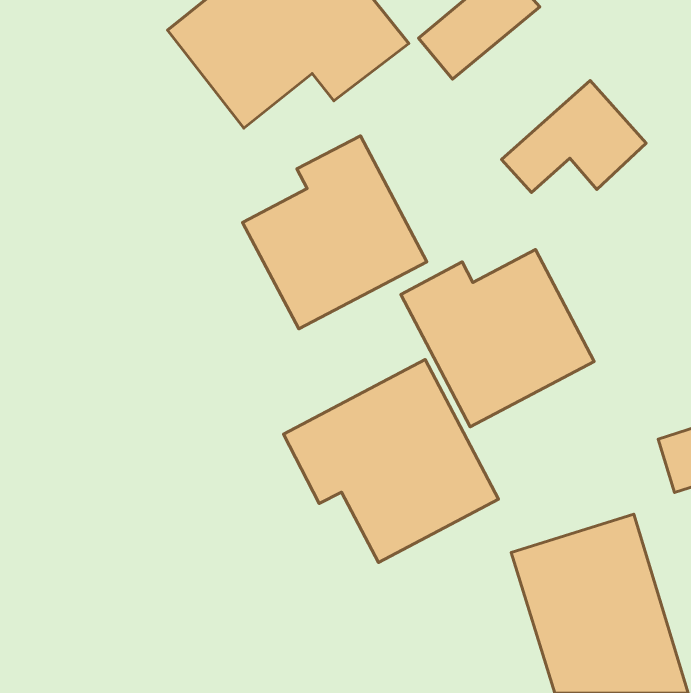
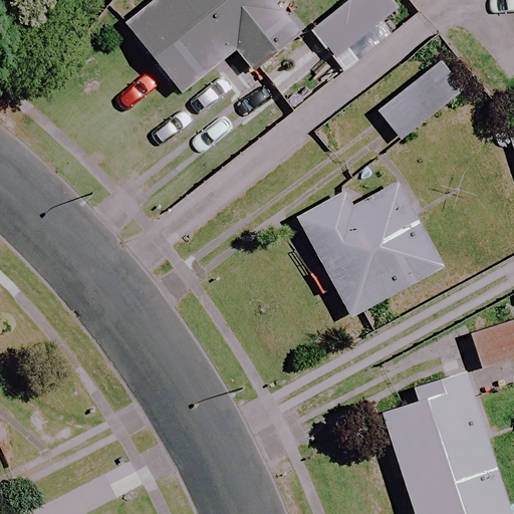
building: [243,136,427,329] -> none
building: [283,360,498,562] -> none

